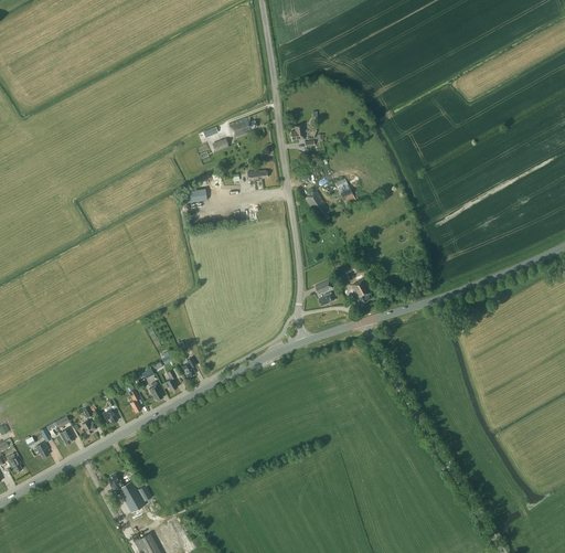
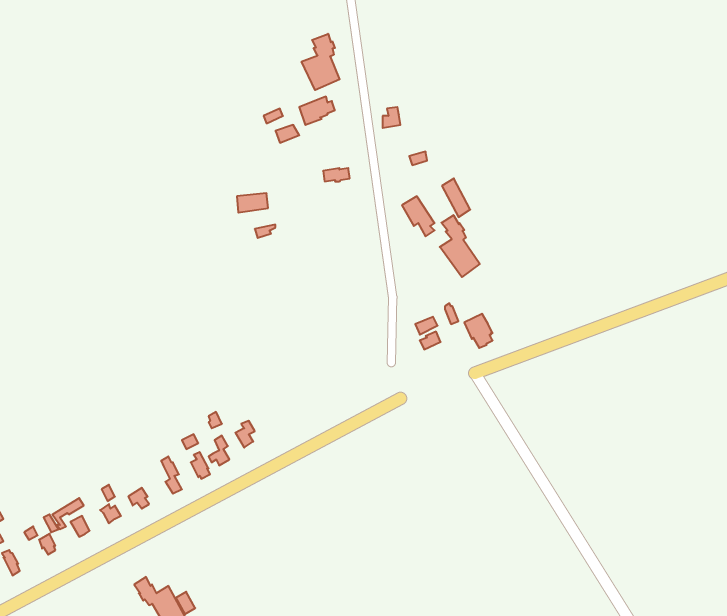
building: none -> [302,34,340,90]
building: none -> [440,215,480,277]

